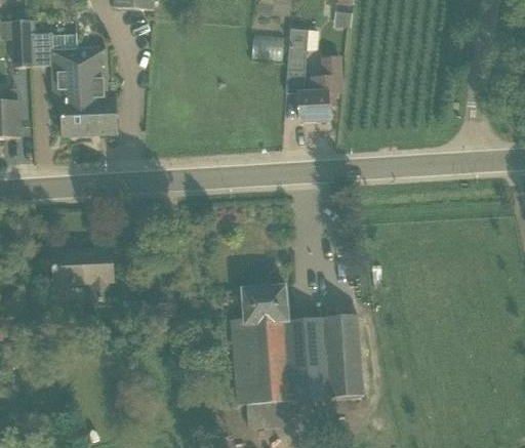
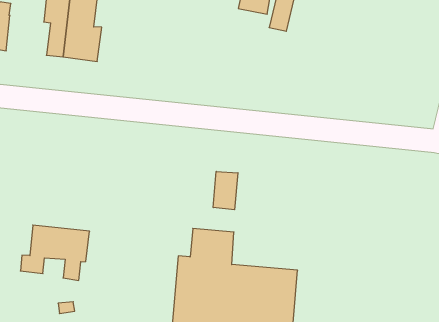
building: [298,56,344,121] -> none
building: none -> [213,171,238,210]
building: [46,248,113,300] -> [20,225,90,280]

